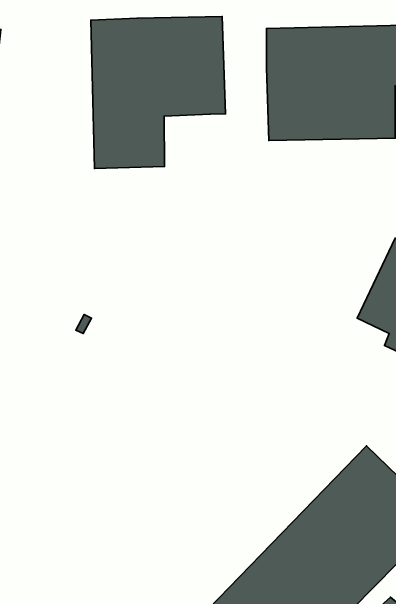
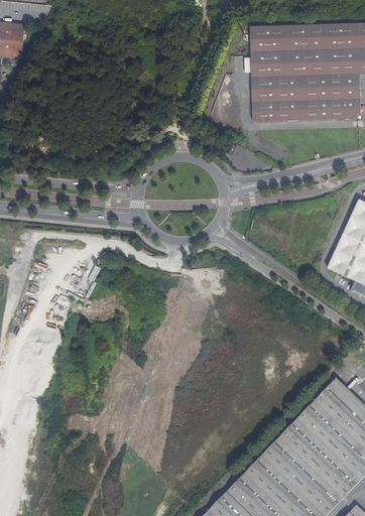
building: [91,17,226,169] -> none

